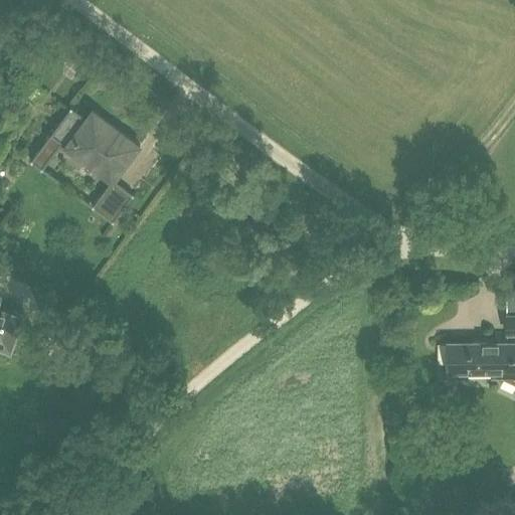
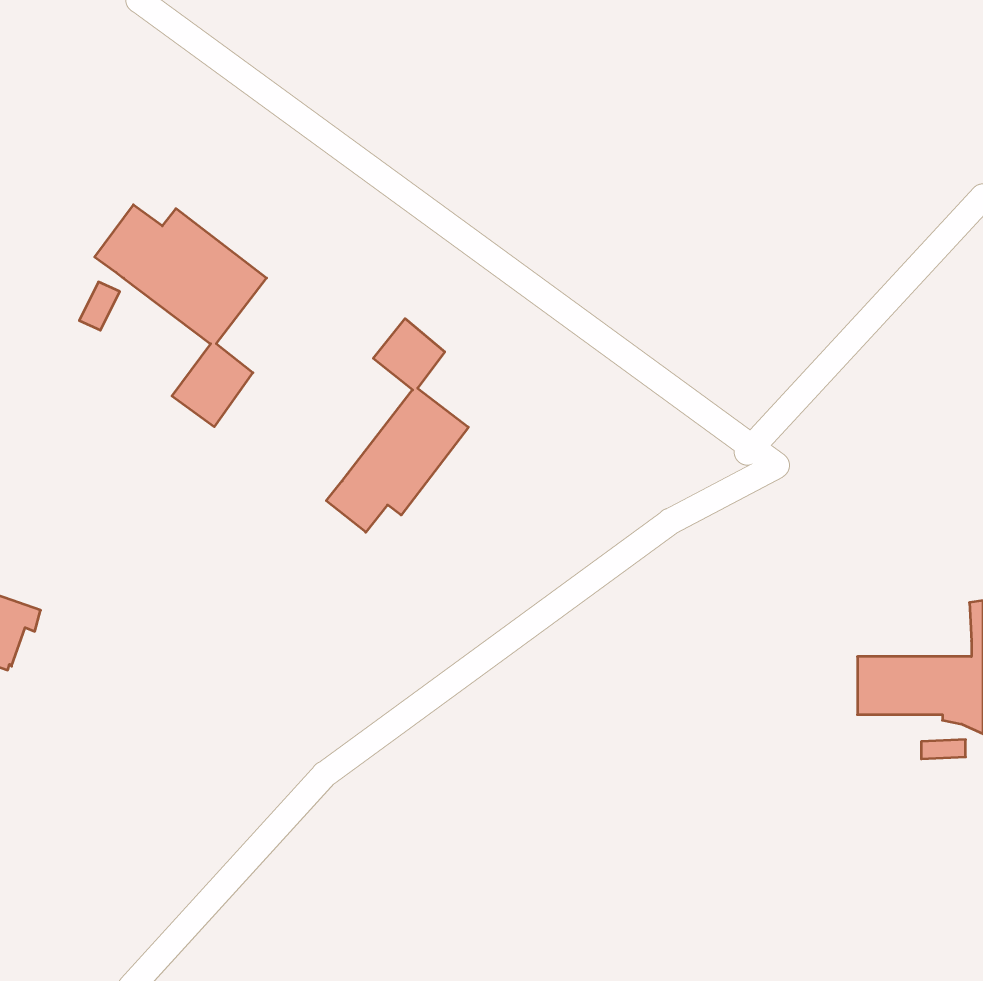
building: none -> [326,319,468,532]

